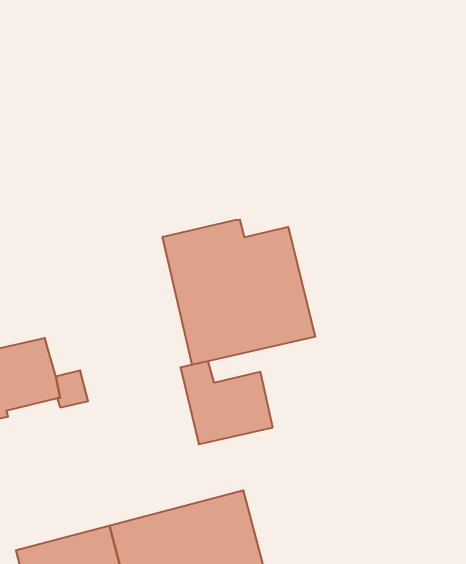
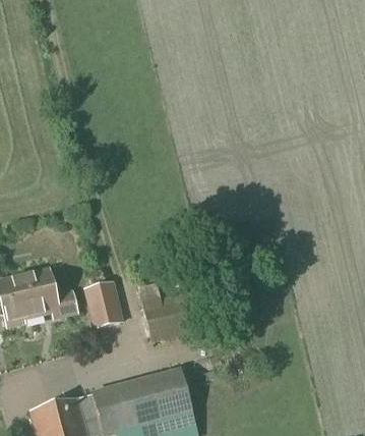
building: [163,220,315,365] -> none
building: none -> [87,281,121,327]

